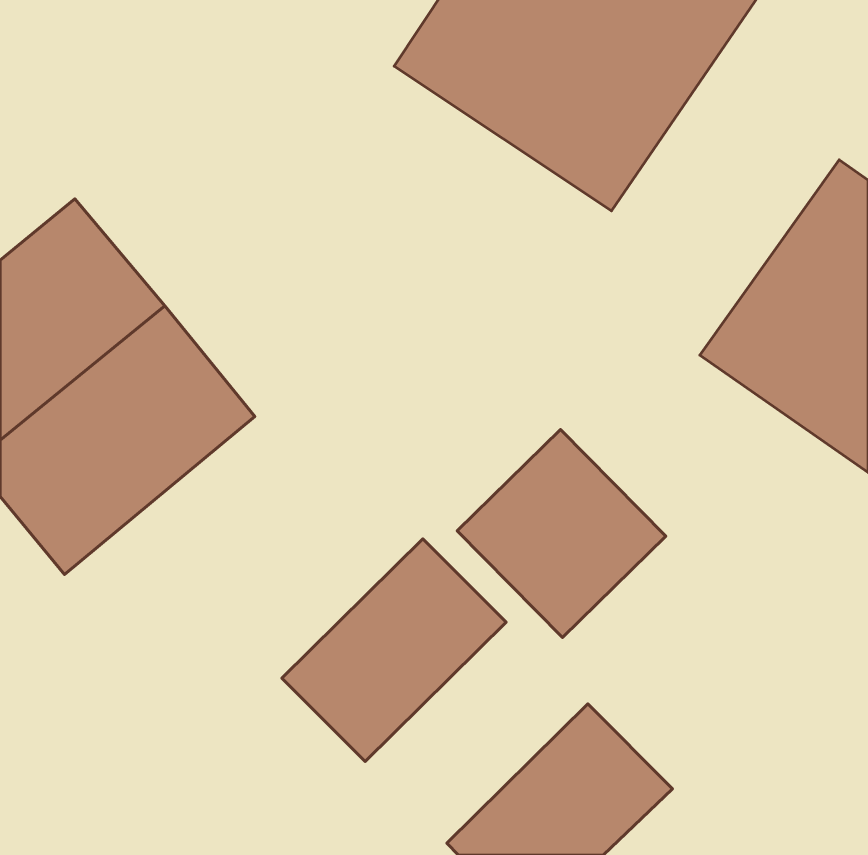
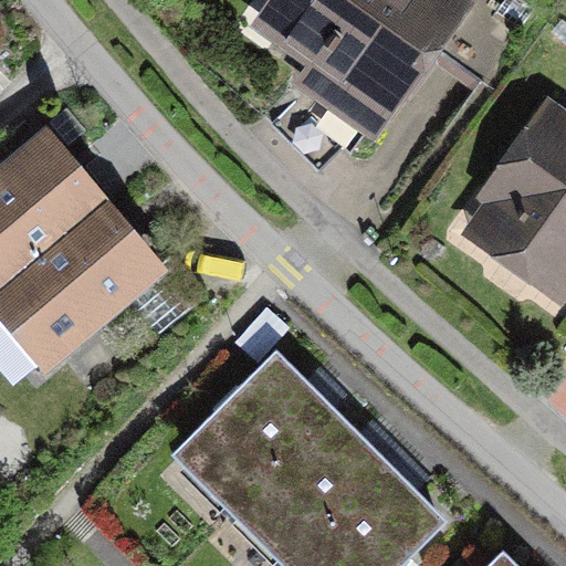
building: [457,429,666,638] -> none
building: none -> [238,405,382,548]

